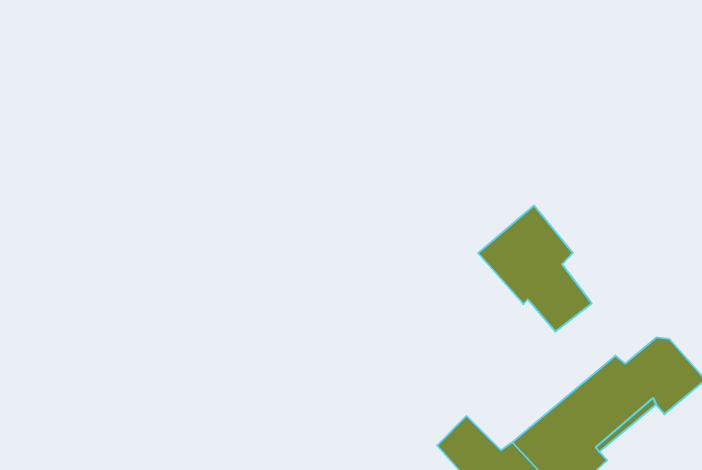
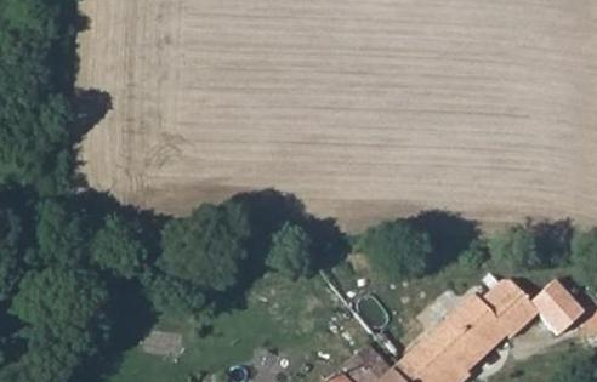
building: [478,206,592,332] -> none

